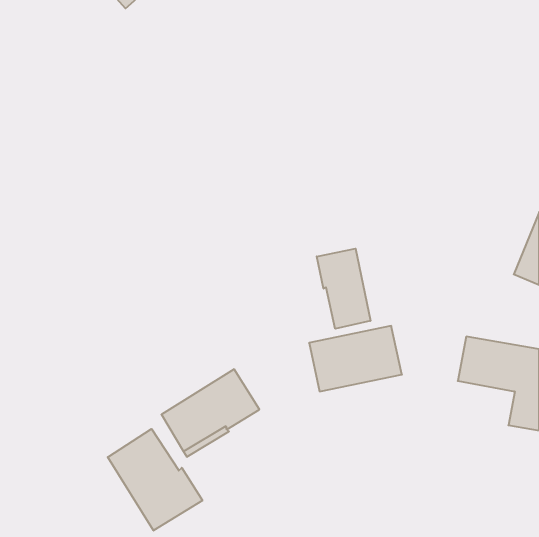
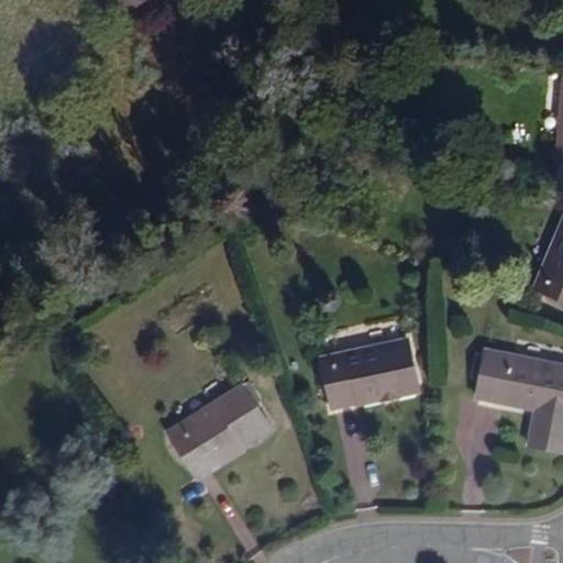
building: [317,249,370,329] -> none
building: [108,429,202,531] -> none

